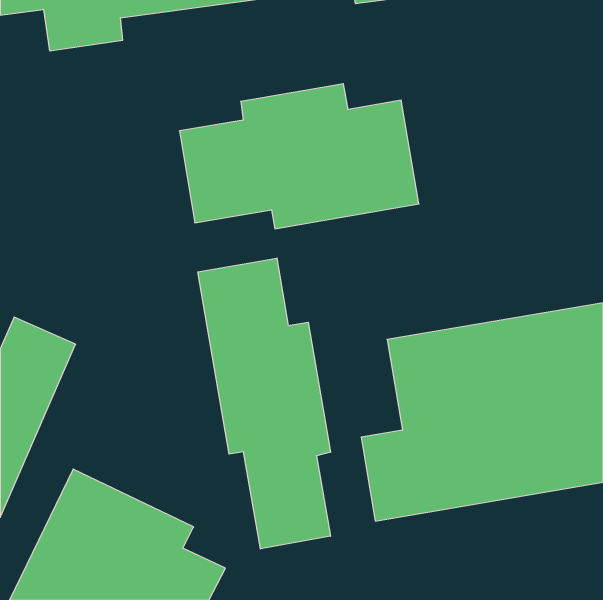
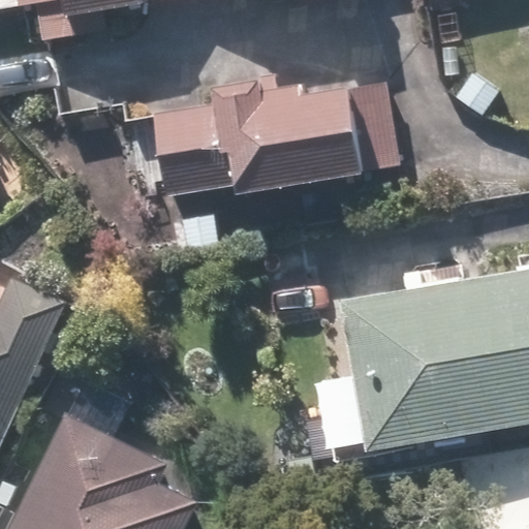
building: [198,258,331,549] -> none

